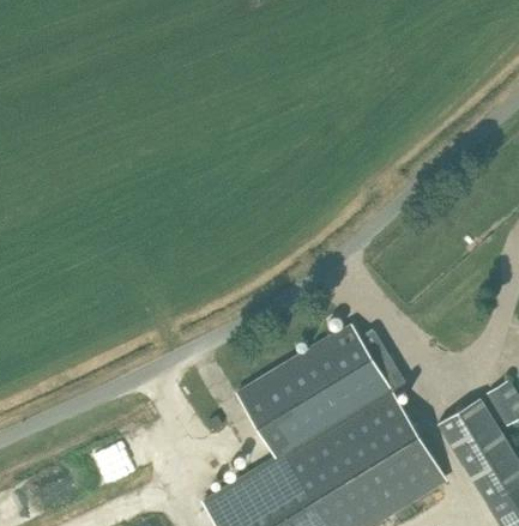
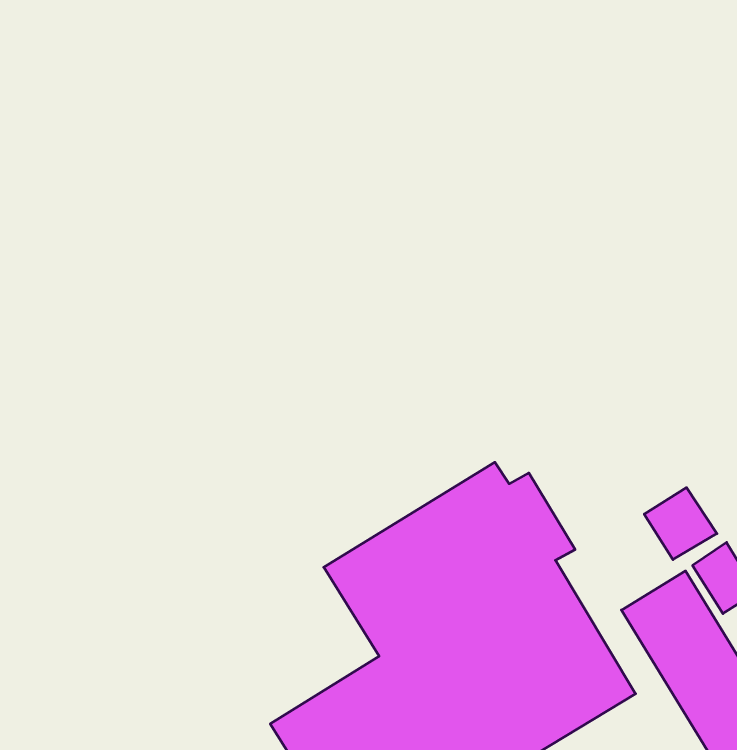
building: none -> [644,488,717,560]

